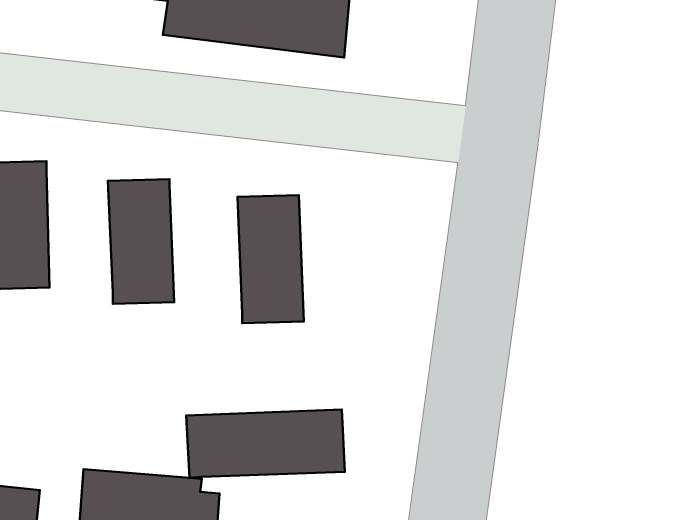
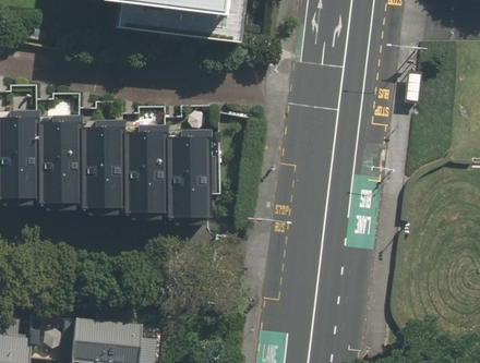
building: none -> [36,117,81,201]
building: none -> [119,126,168,216]
building: [186,409,345,478] -> none

